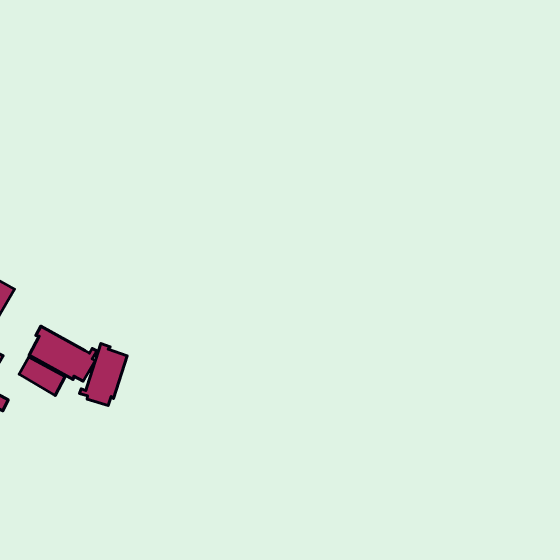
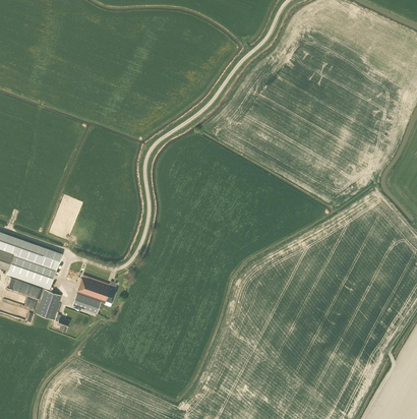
building: [79,344,127,405] -> none

